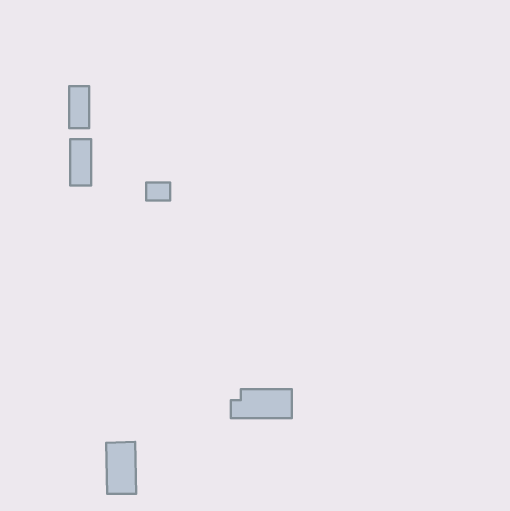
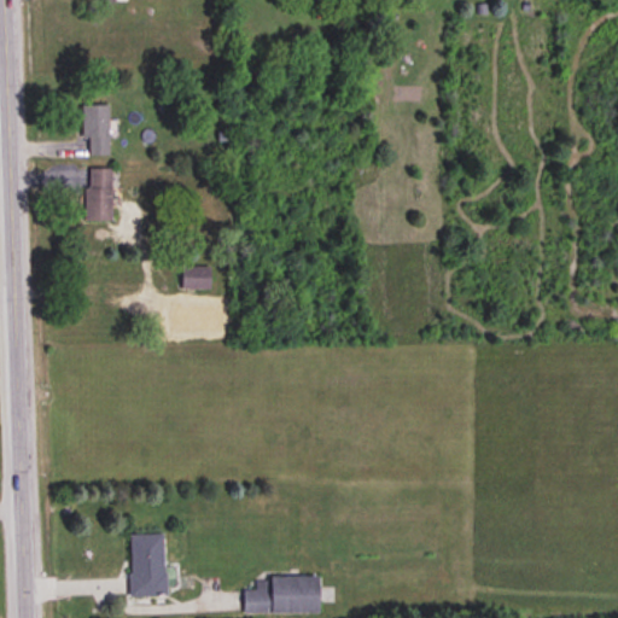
building: [146,182,170,200] -> [182,267,211,288]
building: [231,389,292,418] -> [245,576,319,611]

